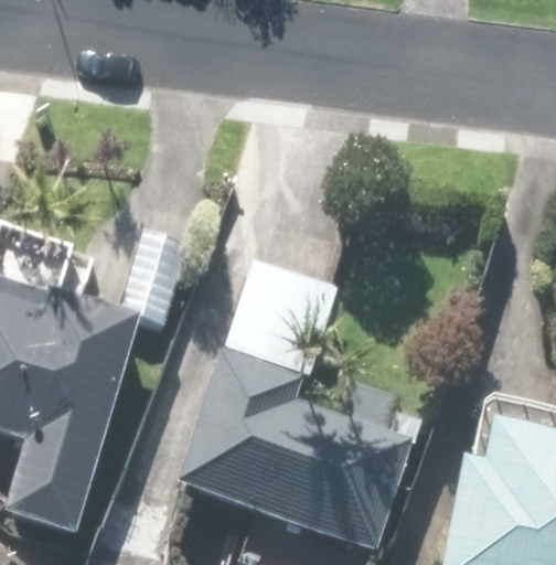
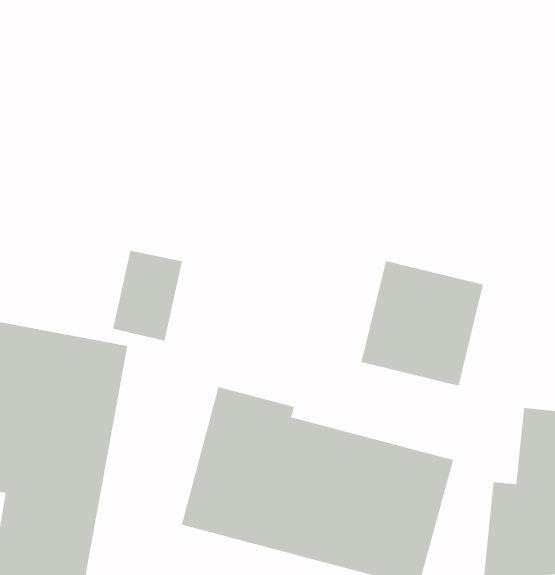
building: [222,262,336,379] -> [361,260,484,386]

